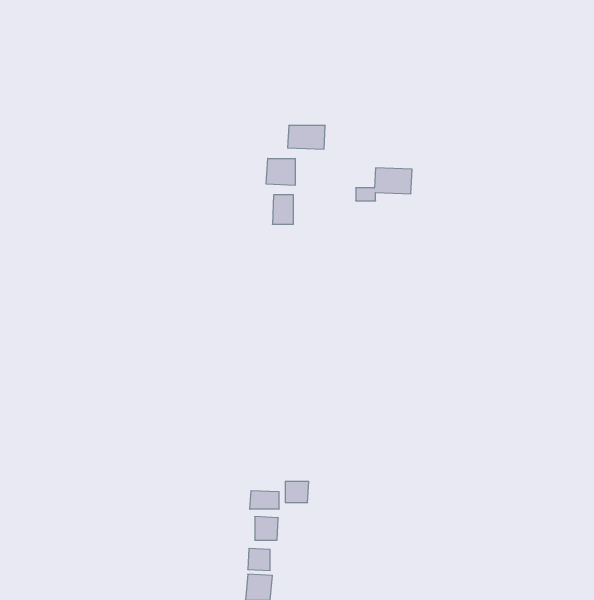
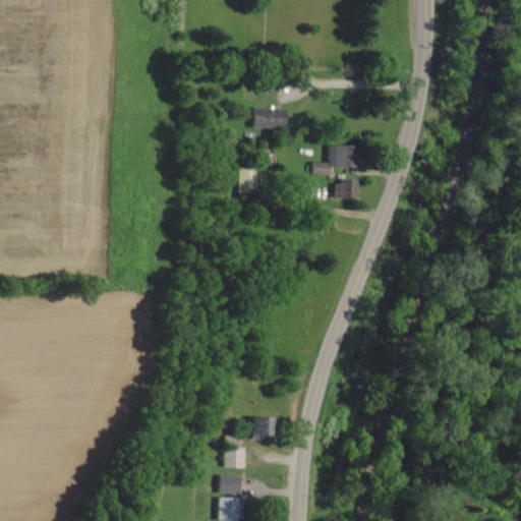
building: [266,158,295,185] -> none
building: none -> [336,181,359,198]
building: [250,491,279,509] -> none

